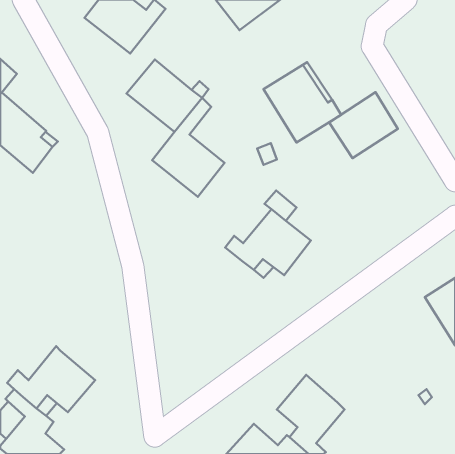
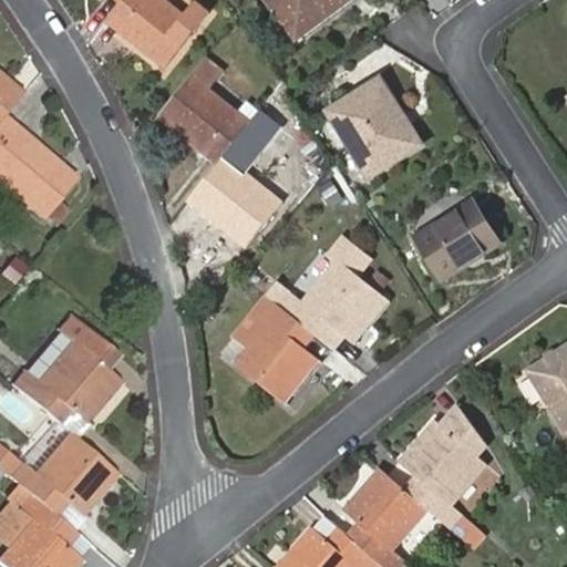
building: [329,92,398,158] -> [415,198,501,280]
building: none -> [234,297,318,401]
building: none -> [13,316,120,436]
building: none -> [401,406,486,528]

